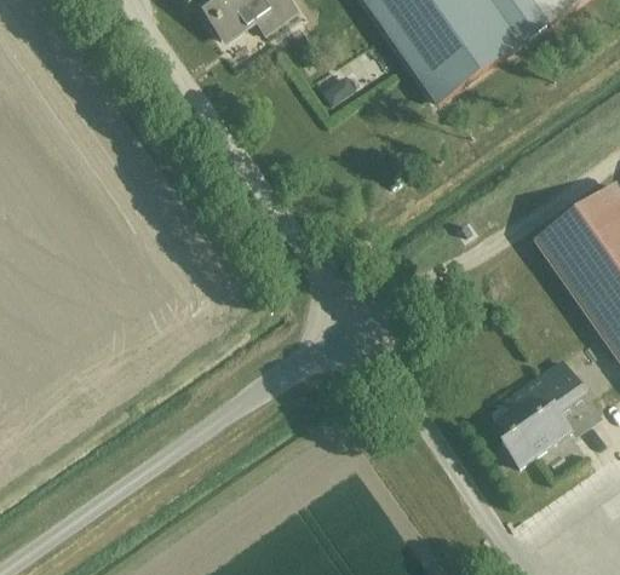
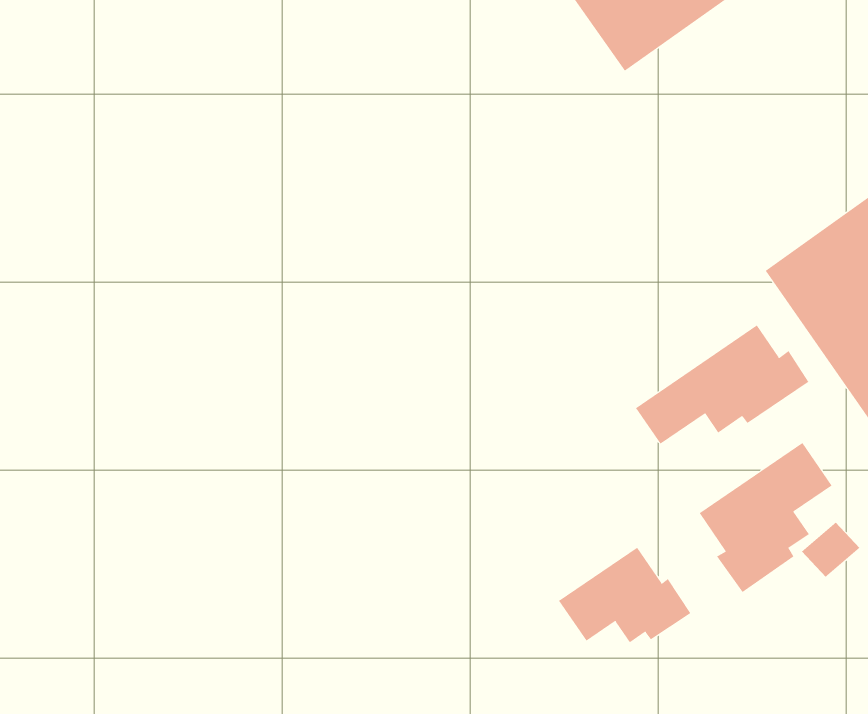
building: none -> [635,325,809,445]
building: none -> [558,547,691,643]

